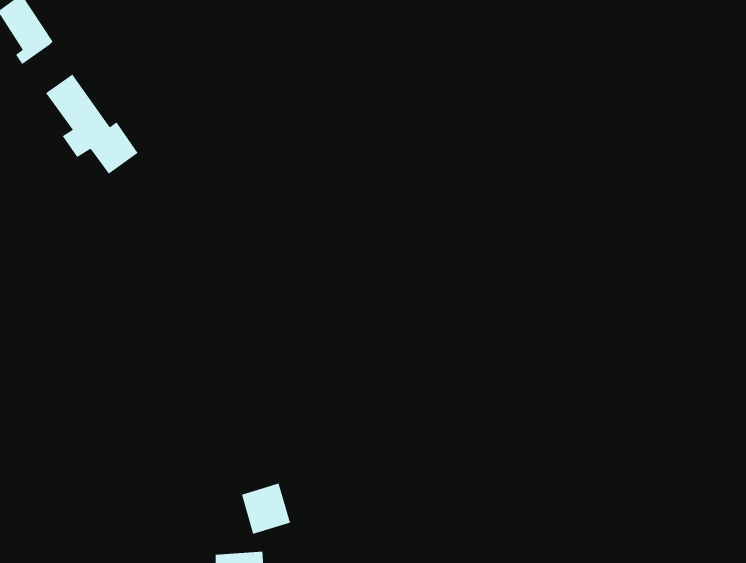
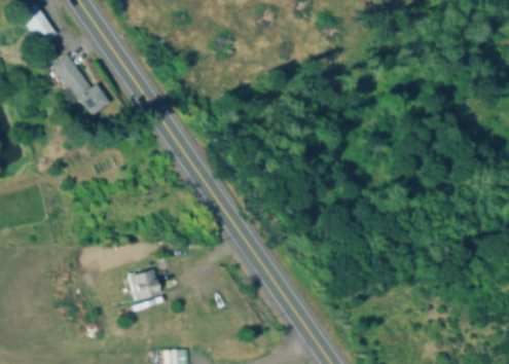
building: [241,483,291,534] -> [129,269,159,301]

